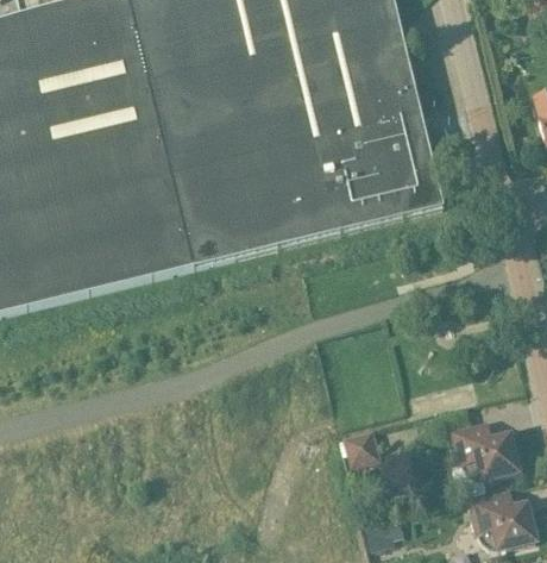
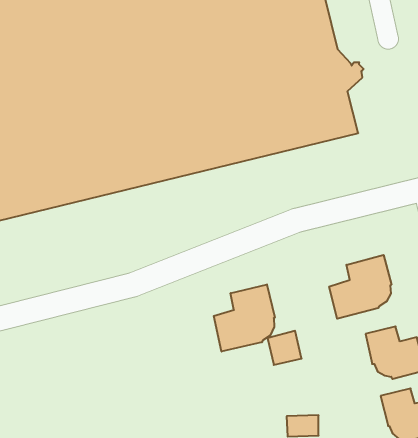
building: none -> [329,255,391,319]
building: none -> [214,284,275,352]

